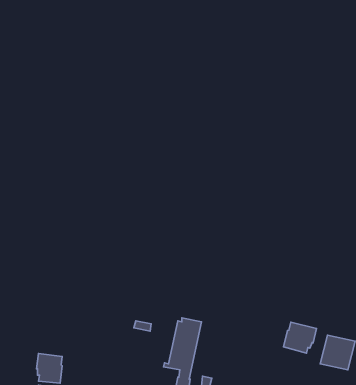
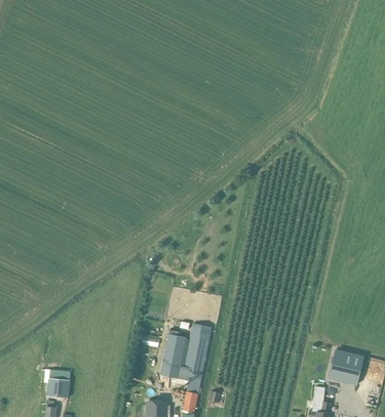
building: none -> [159,332,186,378]
building: [283,322,317,353] -> none

